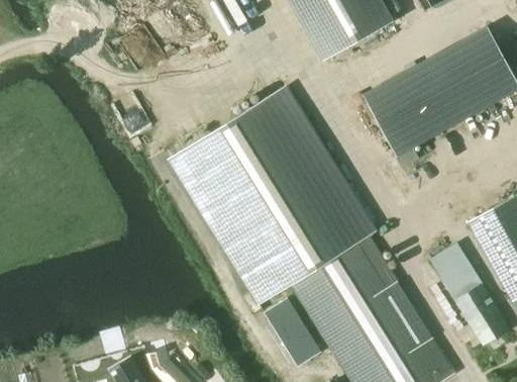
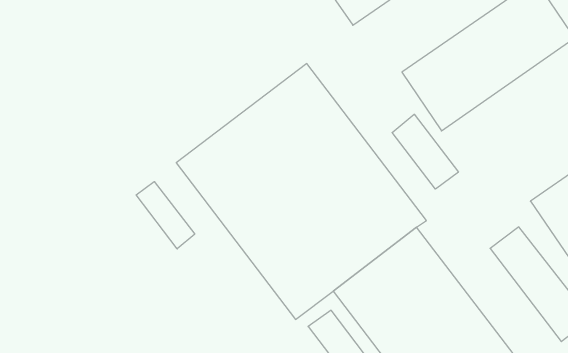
building: none -> [392,114,458,189]
building: none -> [136,182,195,249]

